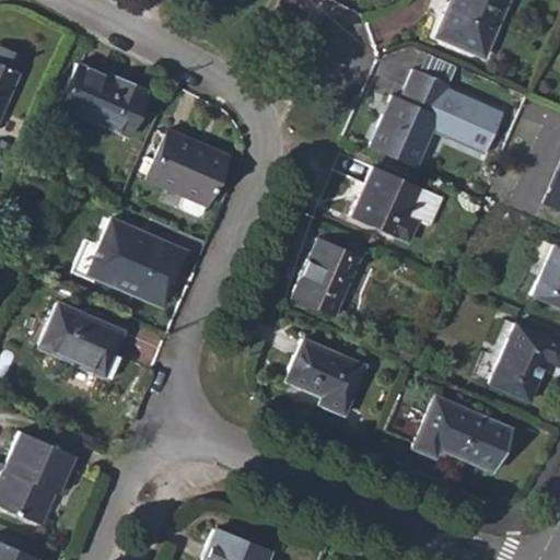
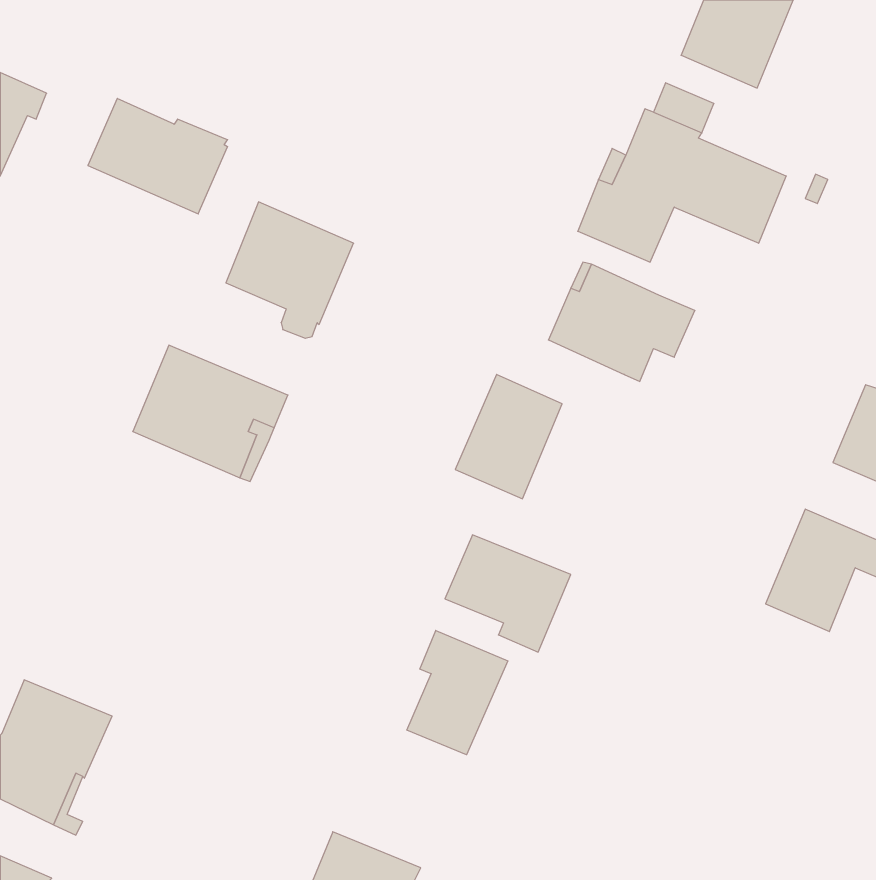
building: [38,304,121,374] -> none
building: [412,396,510,470] -> none
building: none -> [407,630,508,755]

